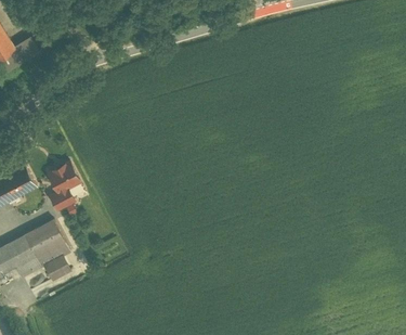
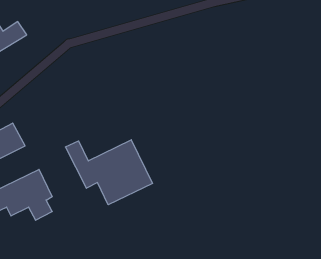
building: [45,157,82,208] -> none
building: none -> [65,140,152,205]

